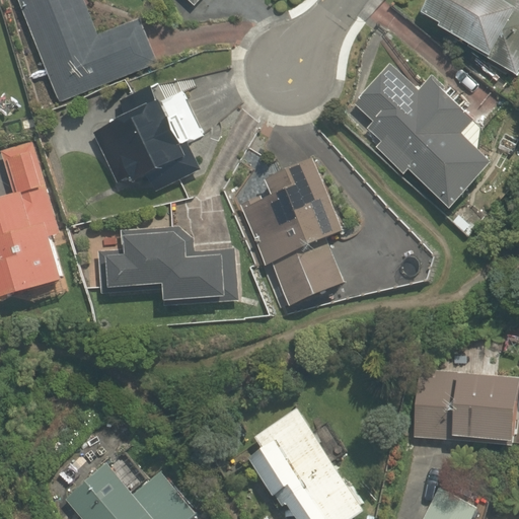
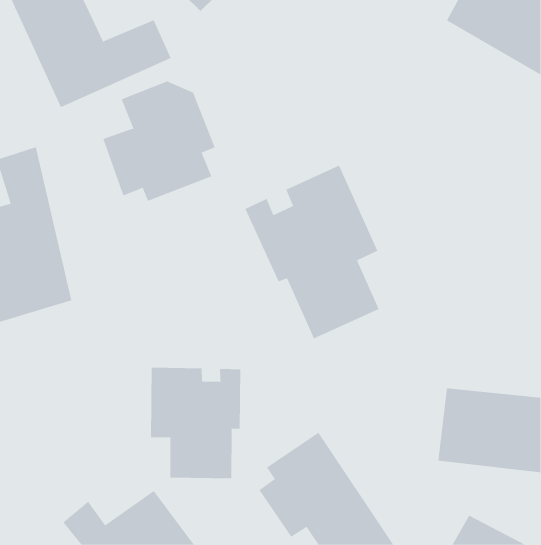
building: [355,68,499,214] -> none
building: [91,226,234,303] -> none
building: none -> [150,367,241,479]

